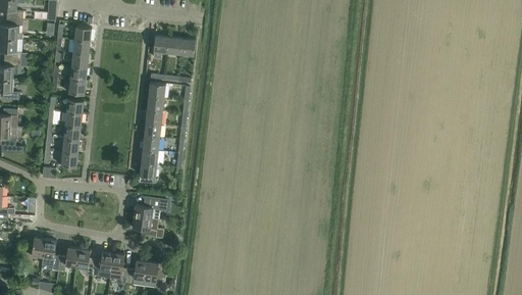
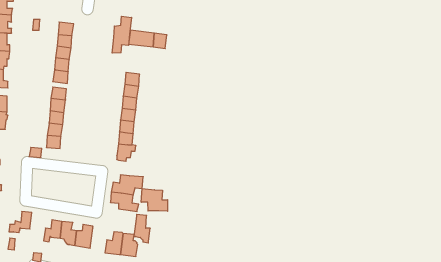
building: none -> [112,16,132,53]
building: none -> [141,189,168,211]
building: [41,239,59,271] -> none
building: [109,254,127,286] -> [134,214,150,243]

